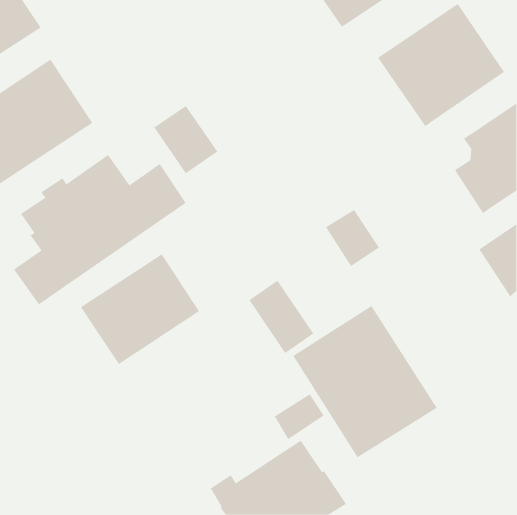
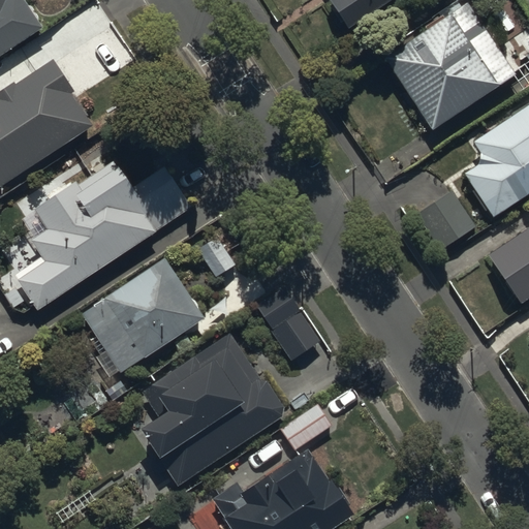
building: [153,105,218,174] -> none
building: [325,209,380,267] -> [422,190,477,249]
building: [293,305,438,458] -> none
building: none -> [139,331,283,487]

